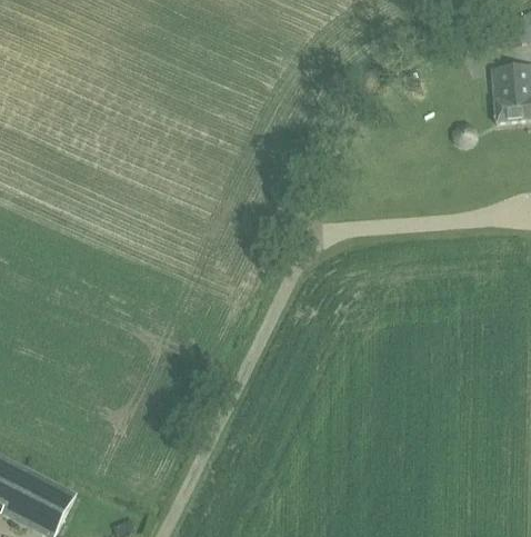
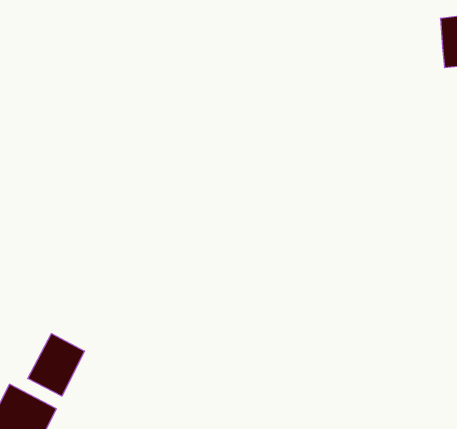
building: none -> [28,334,85,396]

